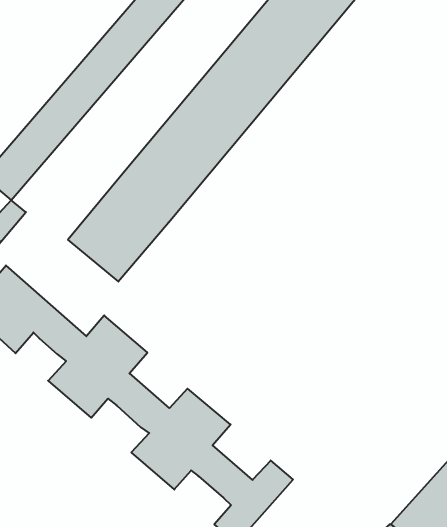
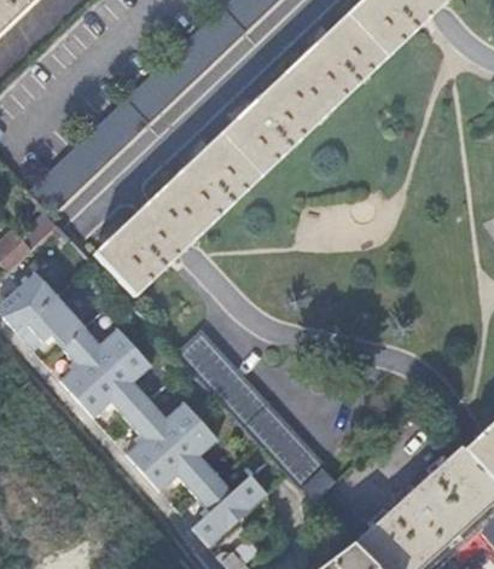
building: none -> [176,331,336,503]

